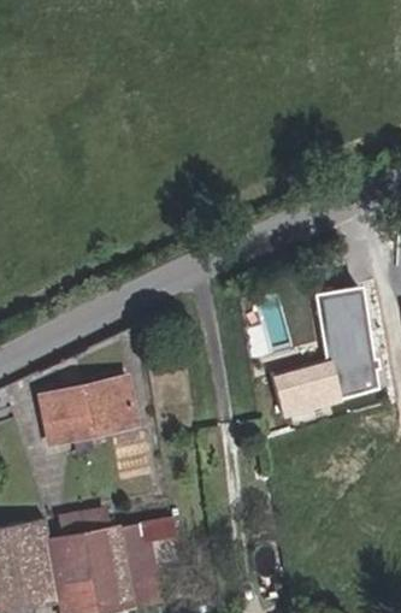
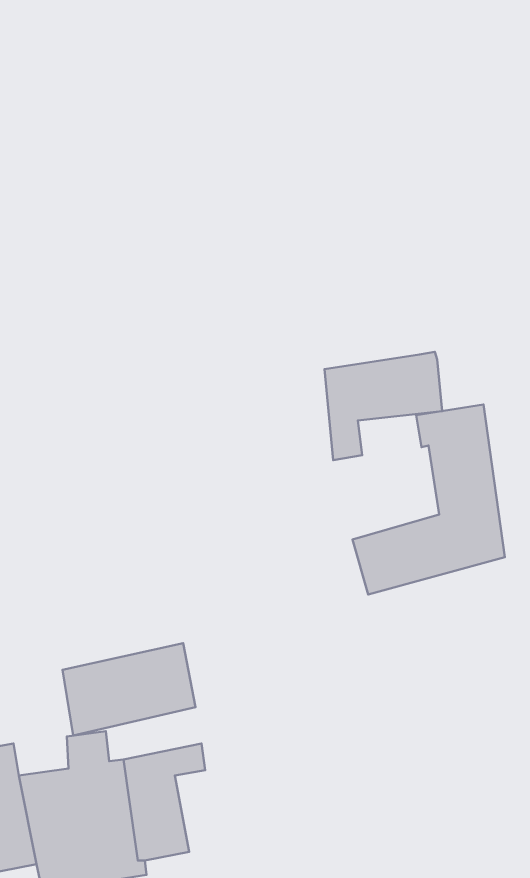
building: none -> [324,352,442,460]
building: [42,379,132,442] -> [62,643,196,736]

